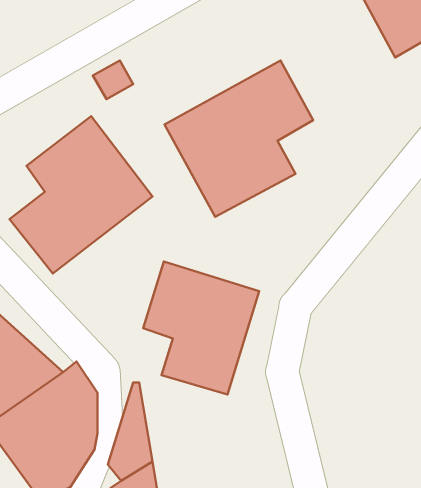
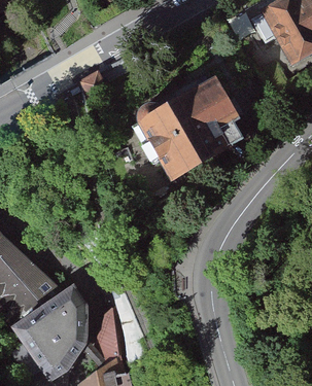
building: [9,116,153,274] -> none
building: [143,261,259,395] -> none

